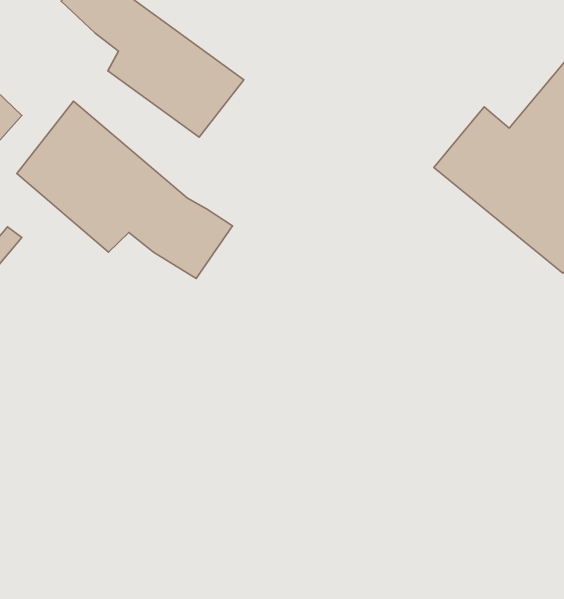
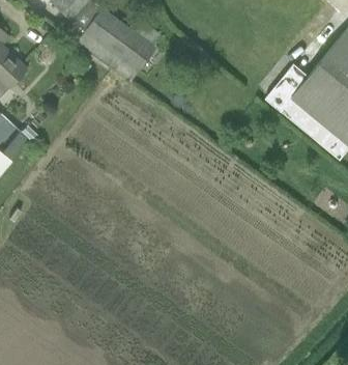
building: [17,101,233,278] -> none

